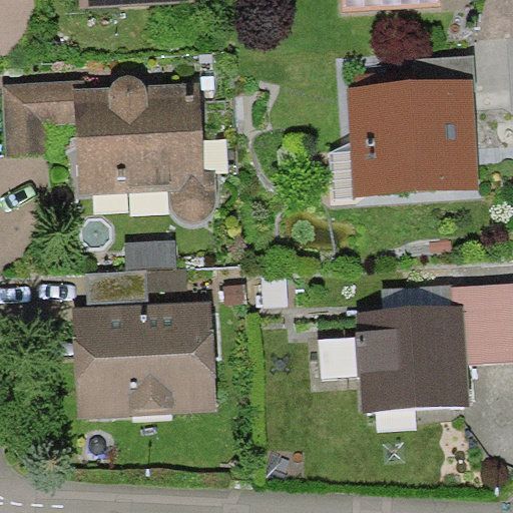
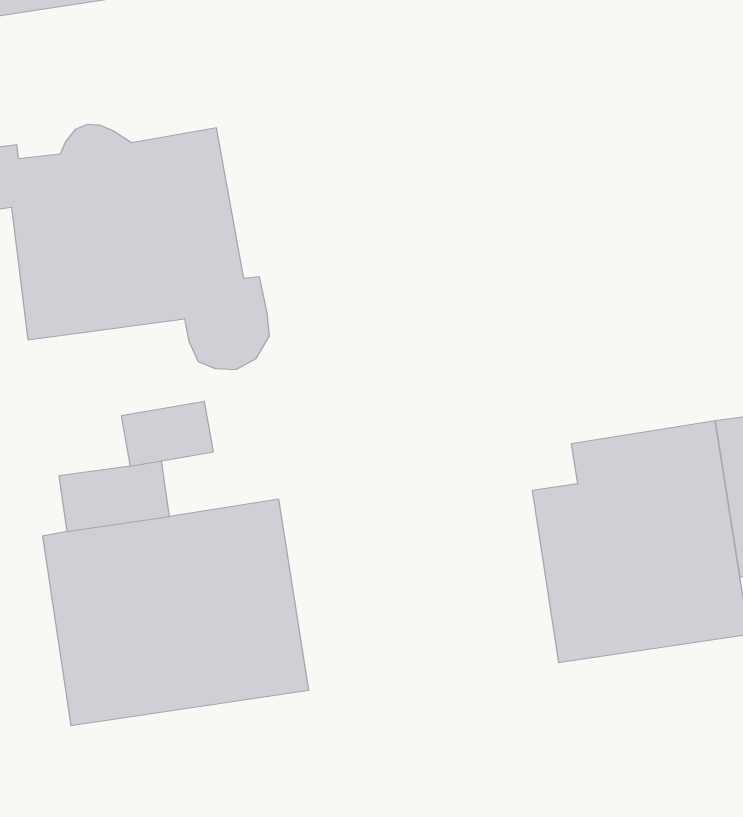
building: [350,55,480,192] -> none

